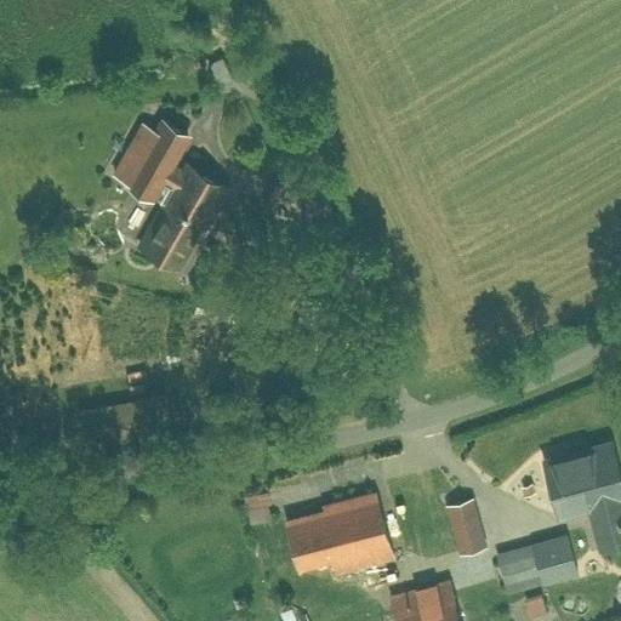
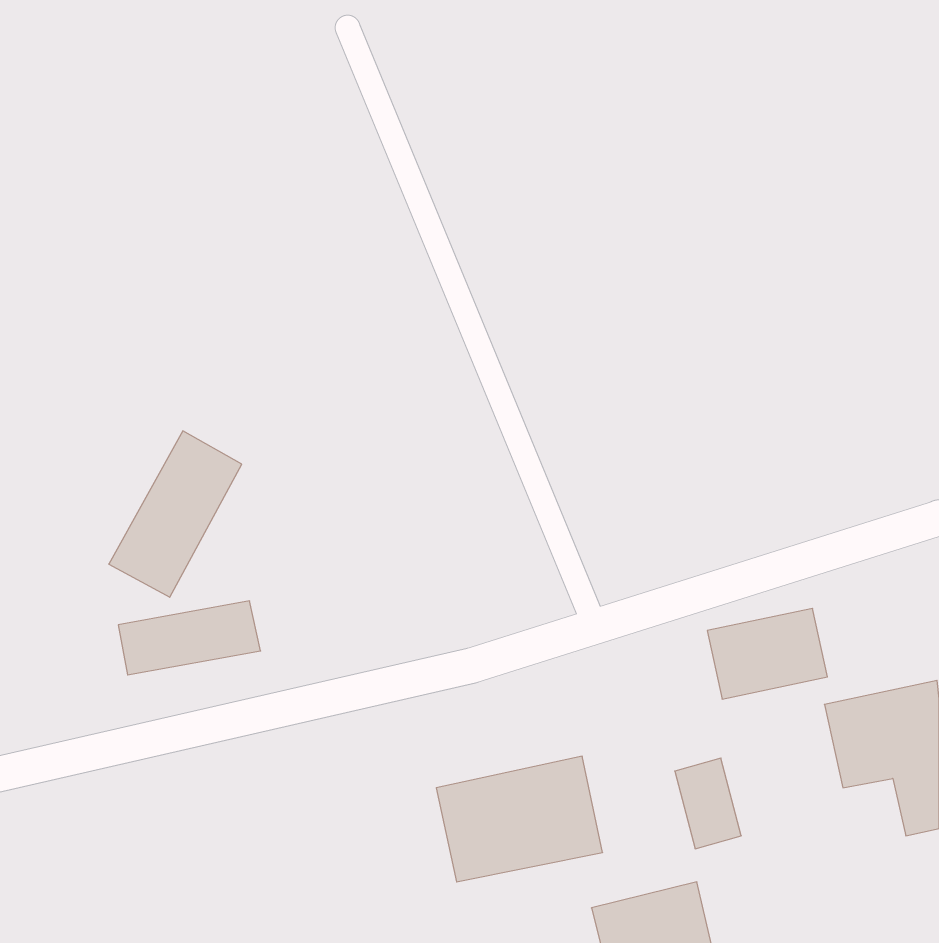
building: [106,119,193,204] -> none
building: [138,167,226,277] -> [109,431,242,597]
building: [500,536,579,596] -> [707,608,827,699]

